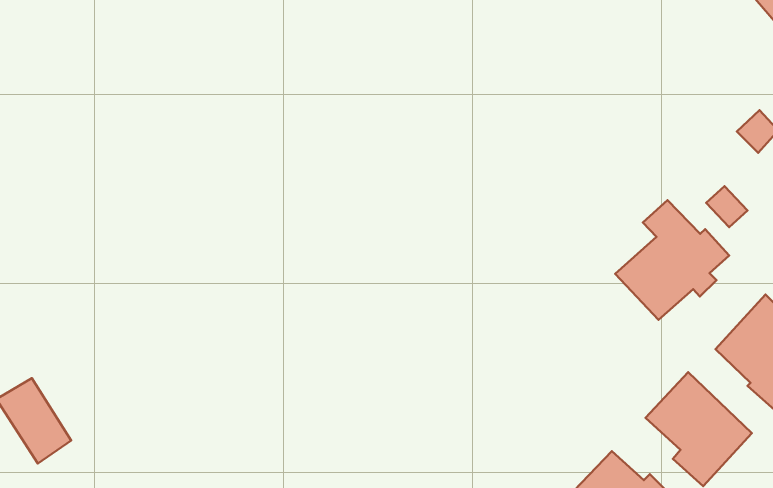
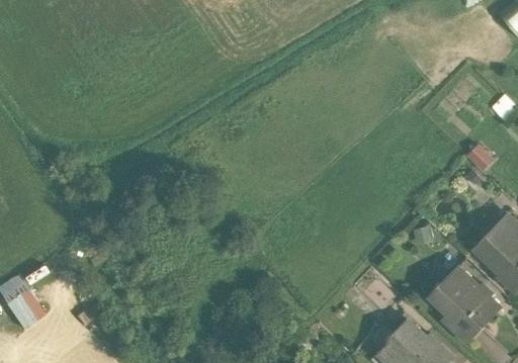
building: [615,200,729,320] -> none

